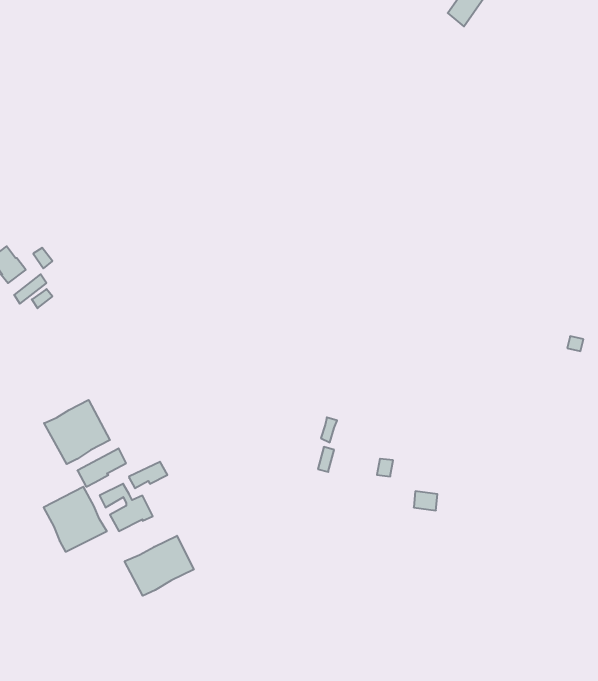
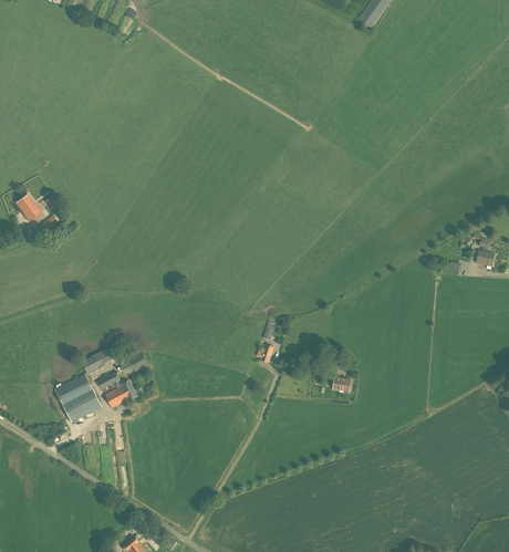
building: [44,400,110,464] -> none
building: [125,536,194,596] -> none

